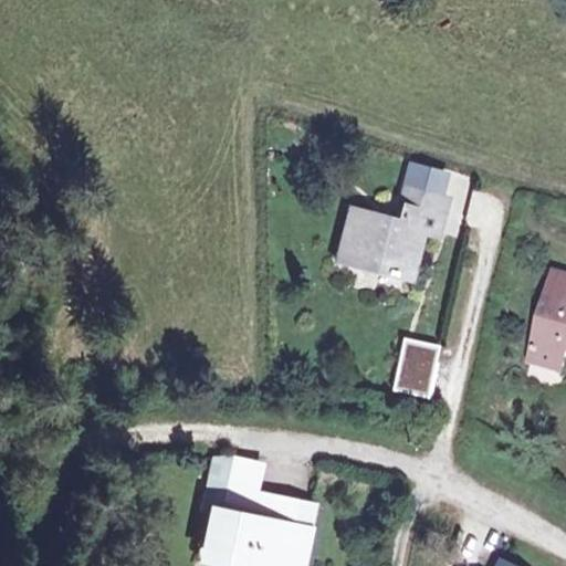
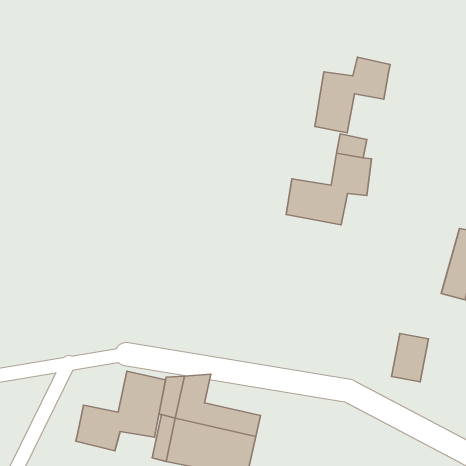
building: none -> [315,57,390,133]
building: [395,339,439,398] -> [392,333,428,382]
building: none -> [76,371,165,451]

